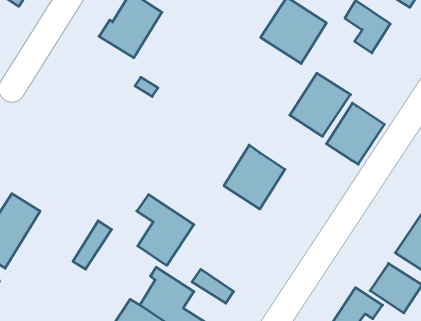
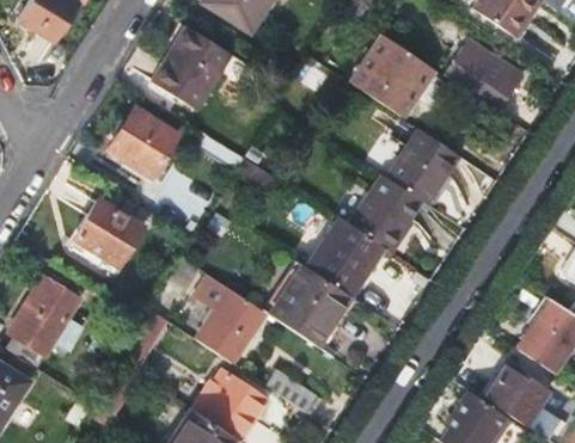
building: none -> [108,107,178,177]
building: [326,103,384,164] -> [350,176,422,251]
building: none -> [72,186,157,266]
building: none -> [269,264,351,346]

